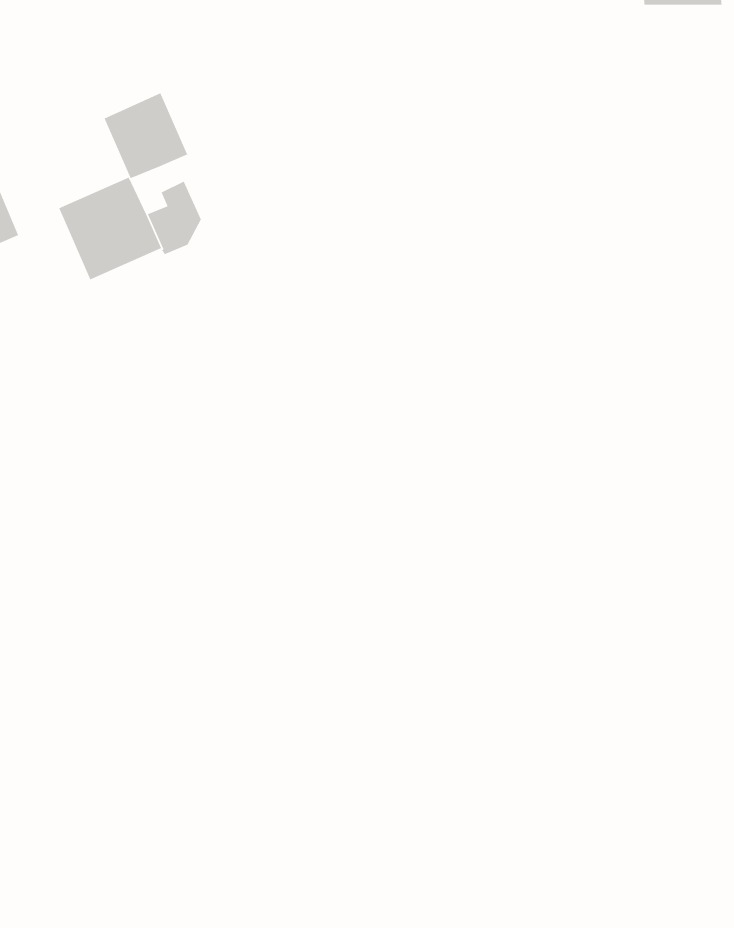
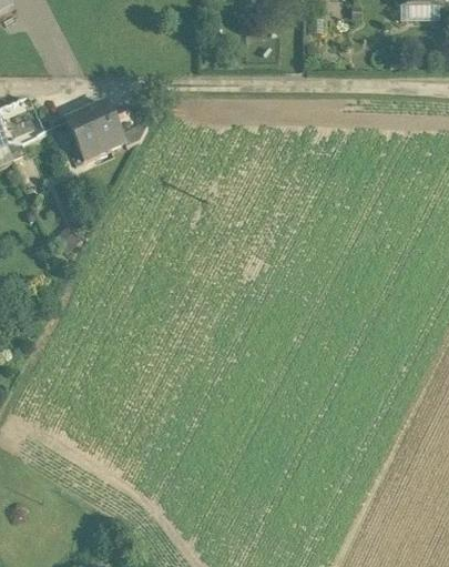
building: [104,92,189,179] -> none

